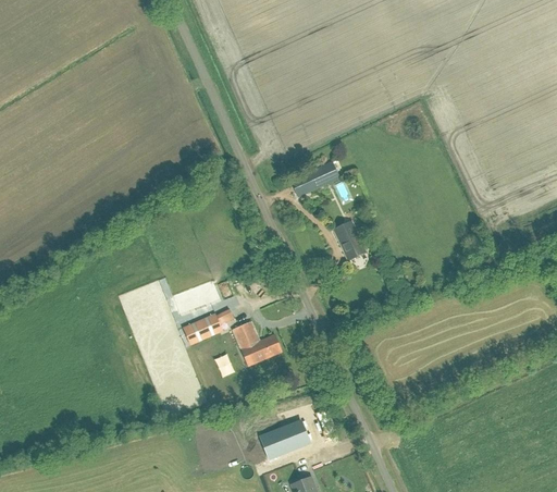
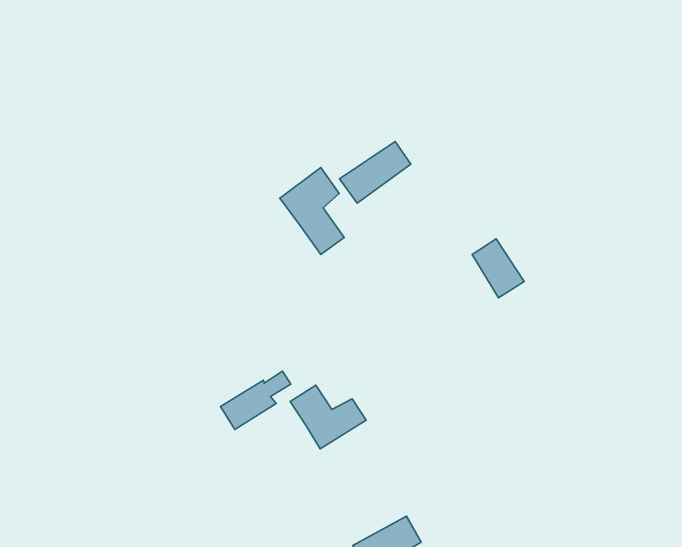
building: none -> [280,167,344,255]
building: [334,219,368,260] -> [472,239,524,298]

